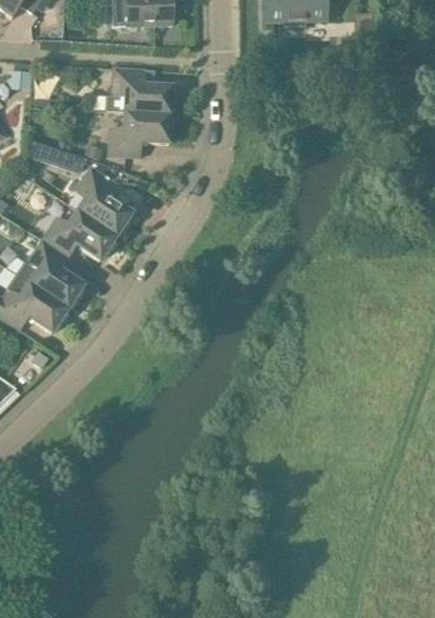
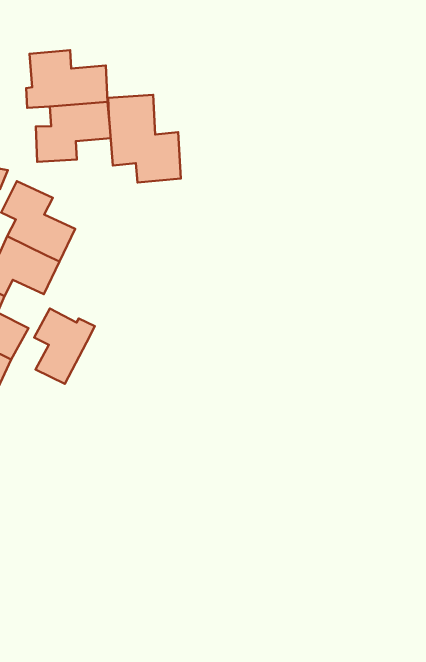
building: none -> [108,95,181,182]
building: none -> [34,309,95,384]

